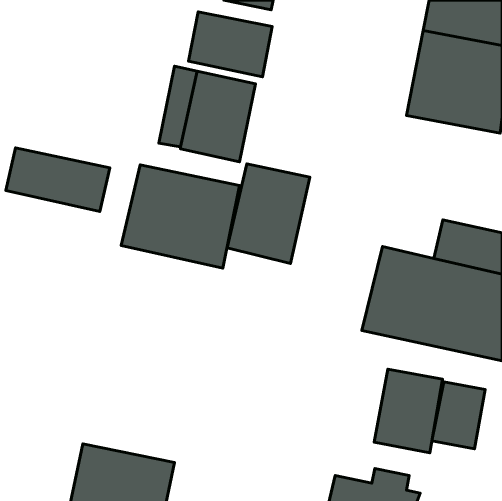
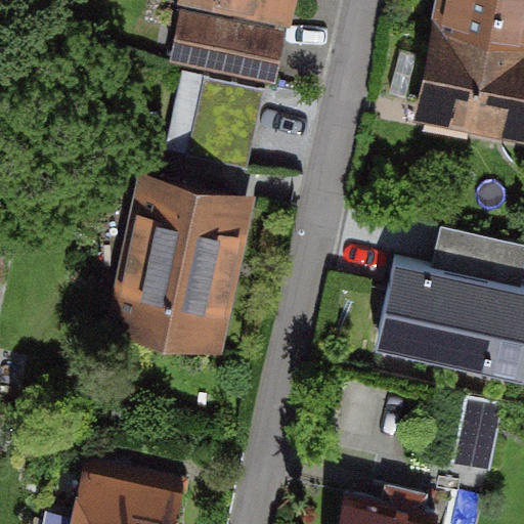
building: [6,148,110,211] -> none
building: [227,164,310,263] -> none
building: none -> [110,258,231,353]
building: [374,369,443,453] -> none

